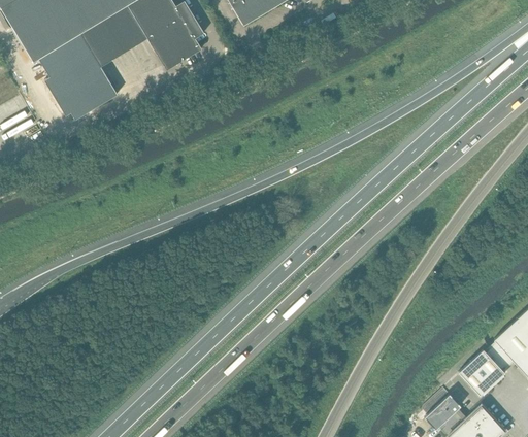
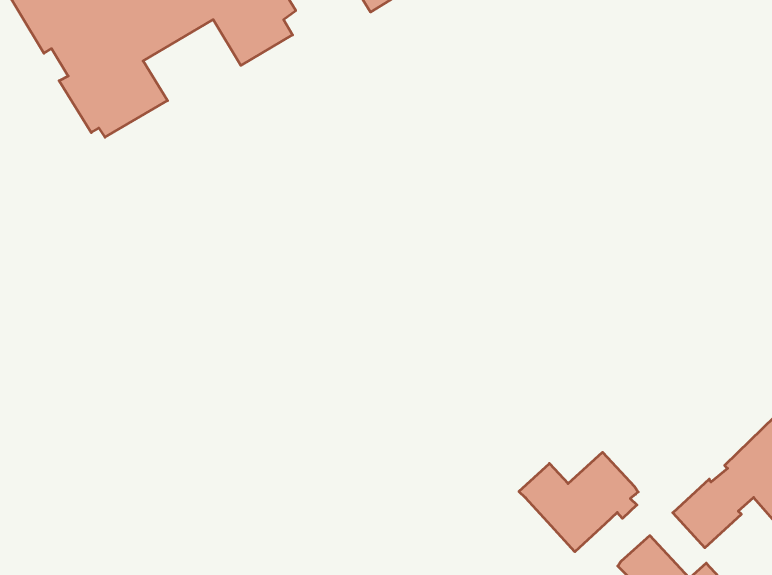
building: none -> [519,452,638,552]

